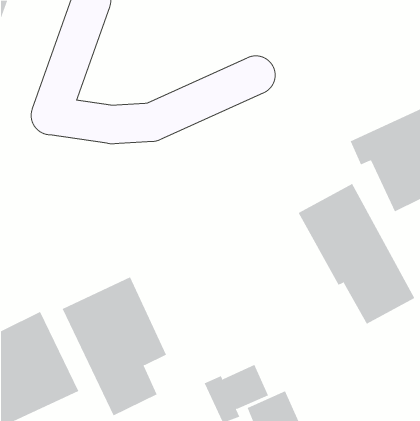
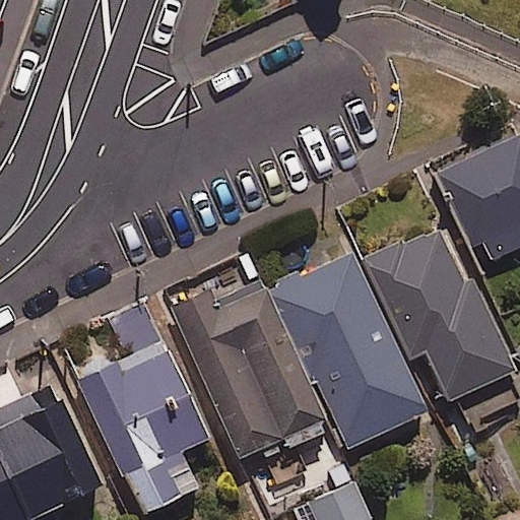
building: none -> [287,253,426,447]
building: none -> [177,285,321,461]

